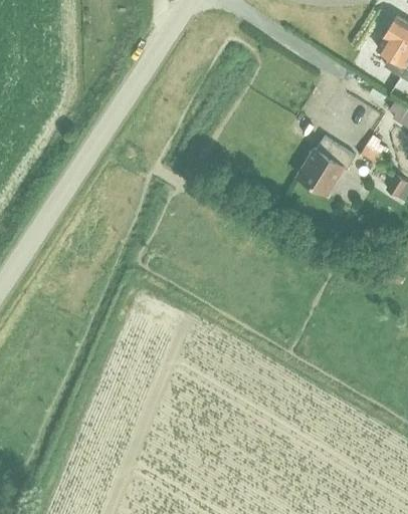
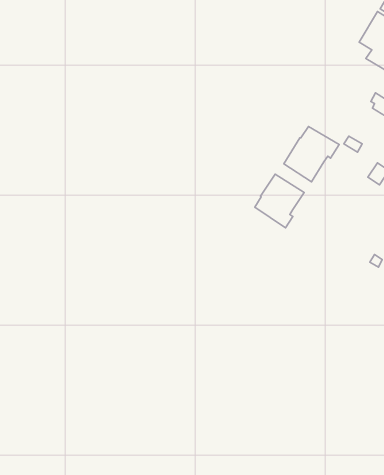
building: none -> [255,174,304,228]

